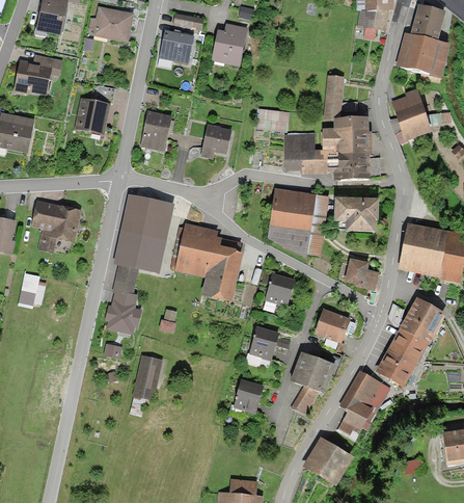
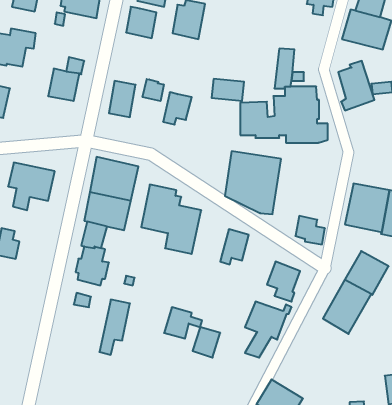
building: none -> [143,79,164,101]
building: [333,196,379,231] -> none
building: [248,325,290,360] -> [164,307,202,339]
building: [332,369,390,441] -> none

